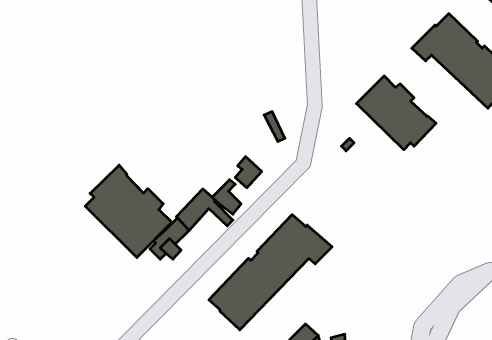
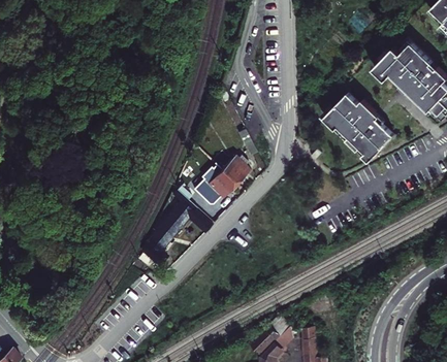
building: none -> [223,152,251,179]
building: [85,165,172,258] -> none
building: [209,215,332,330] -> none

